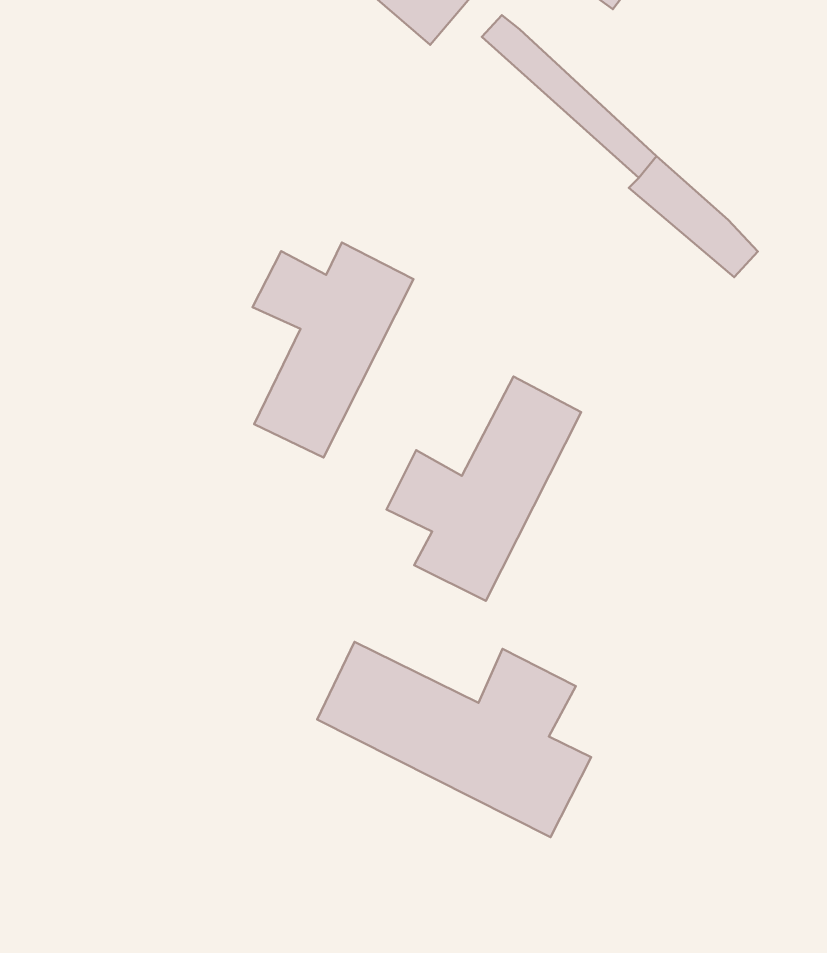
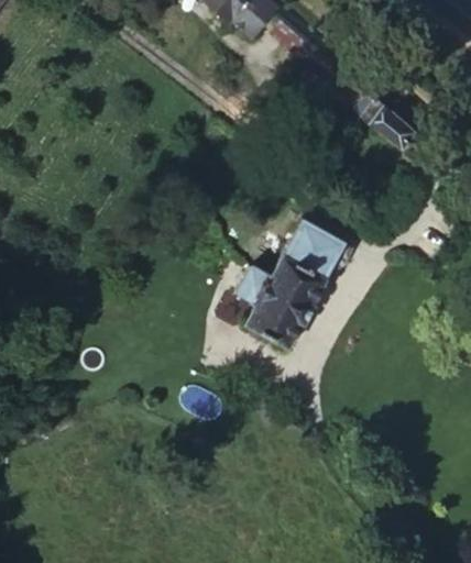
building: [252,242,414,458] -> none
building: [317,642,591,837] -> none

